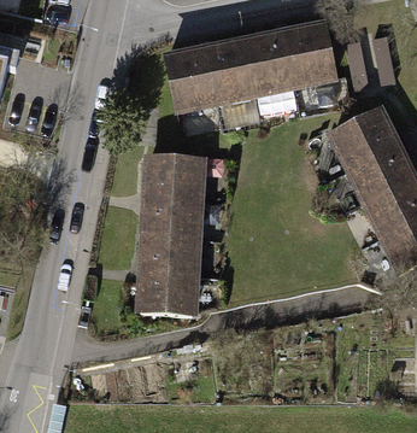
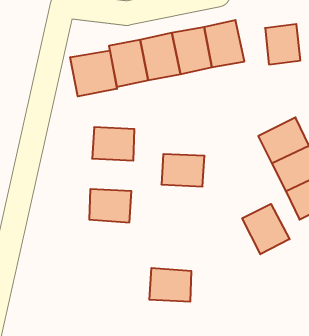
building: none -> [70,50,117,96]
building: [330,111,393,168] -> none
building: [141,195,194,235] -> [161,154,205,186]
building: none -> [242,204,290,254]
building: [137,270,189,311] -> [149,268,191,302]

